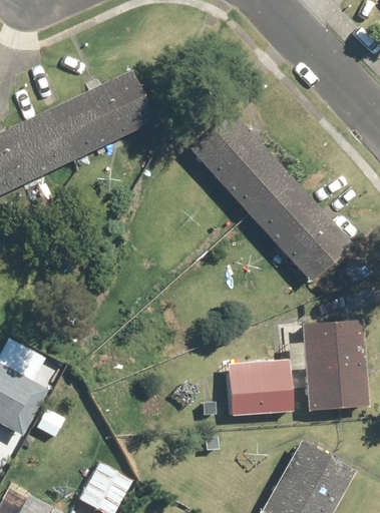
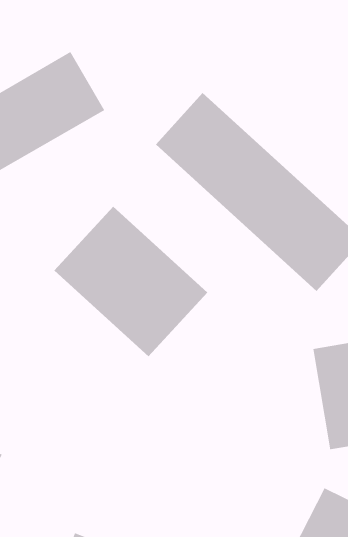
building: none -> [54,206,208,357]
building: [232,361,294,416] -> none

